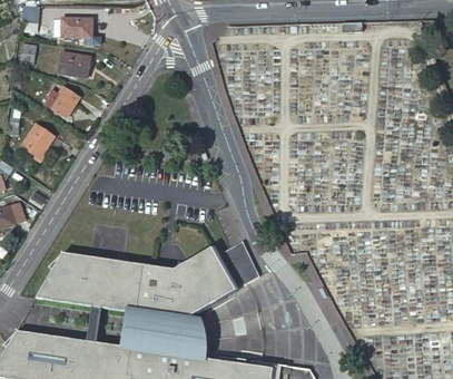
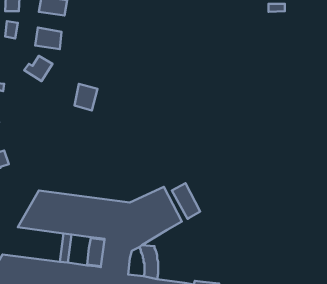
building: none -> [74,84,97,111]
building: [19,124,51,163] -> none
building: [170,320,190,356] -> none

